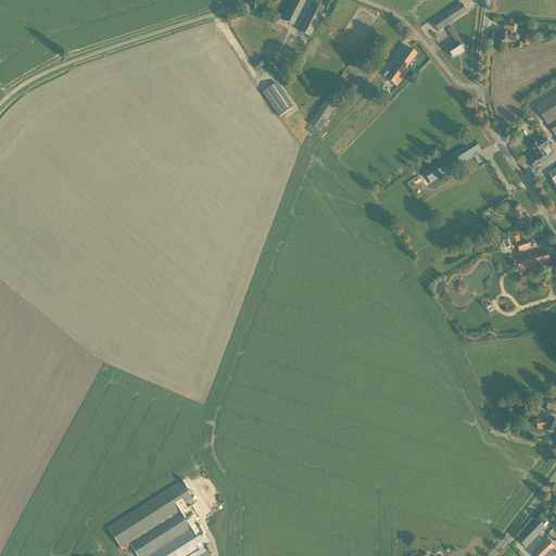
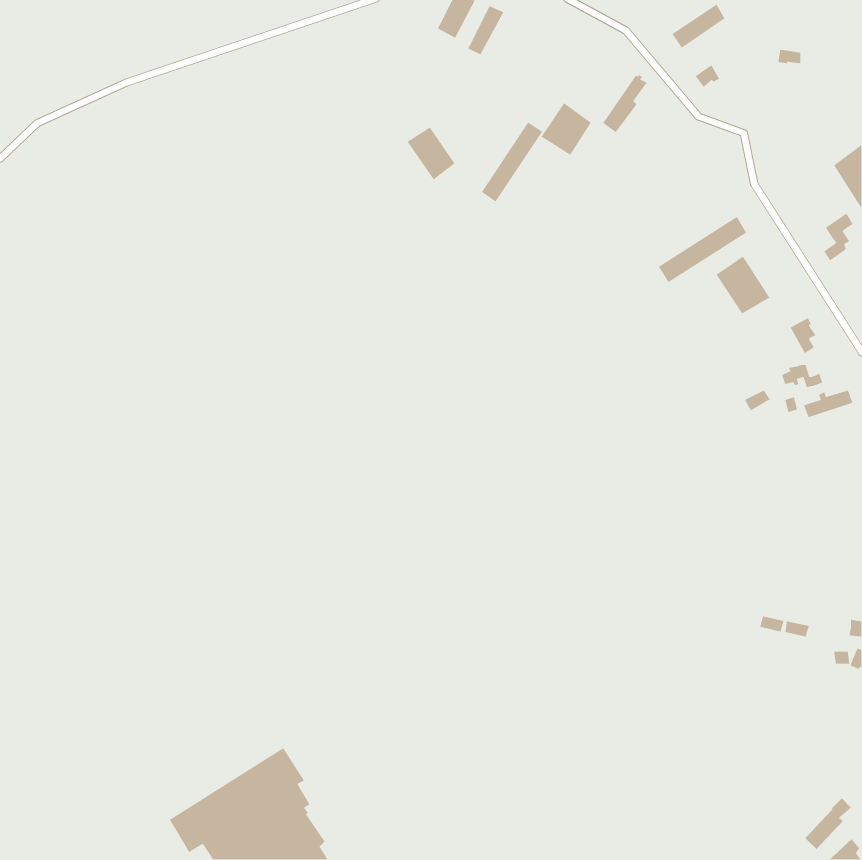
building: none -> [541,102,592,156]
building: none -> [716,255,770,315]

